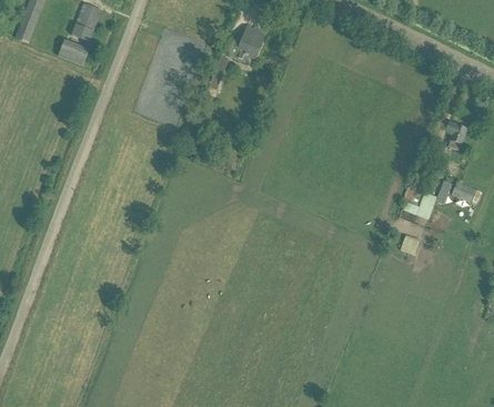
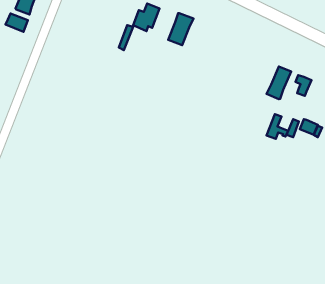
building: none -> [168,13,193,45]
building: none -> [267,66,291,99]

